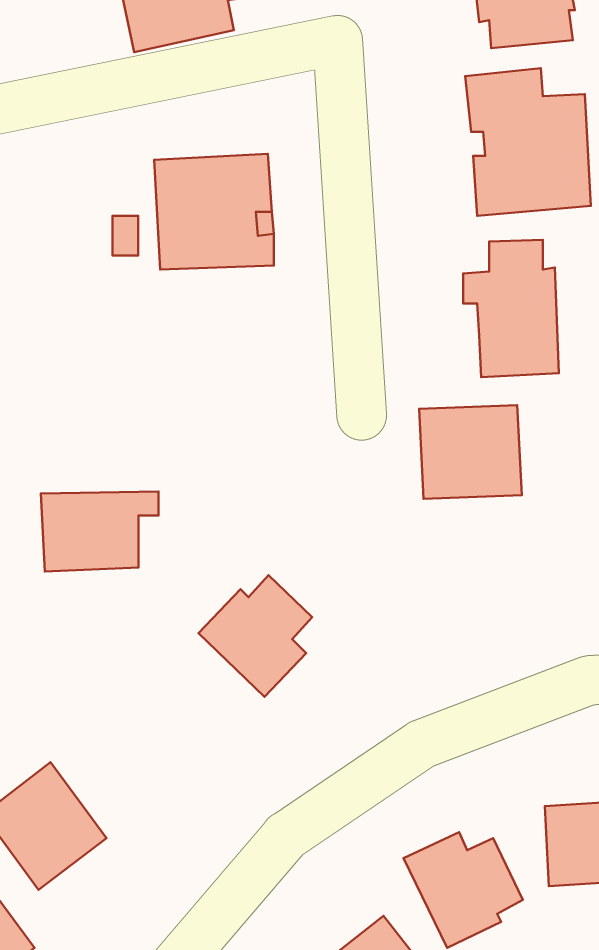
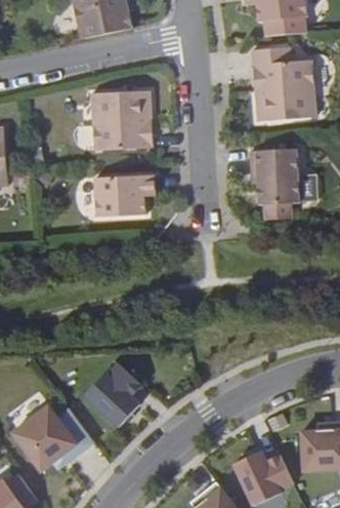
building: [419,405,522,499] -> none
building: [41,492,158,571] -> [101,179,162,220]
building: [199,575,312,697] -> [81,364,139,427]

